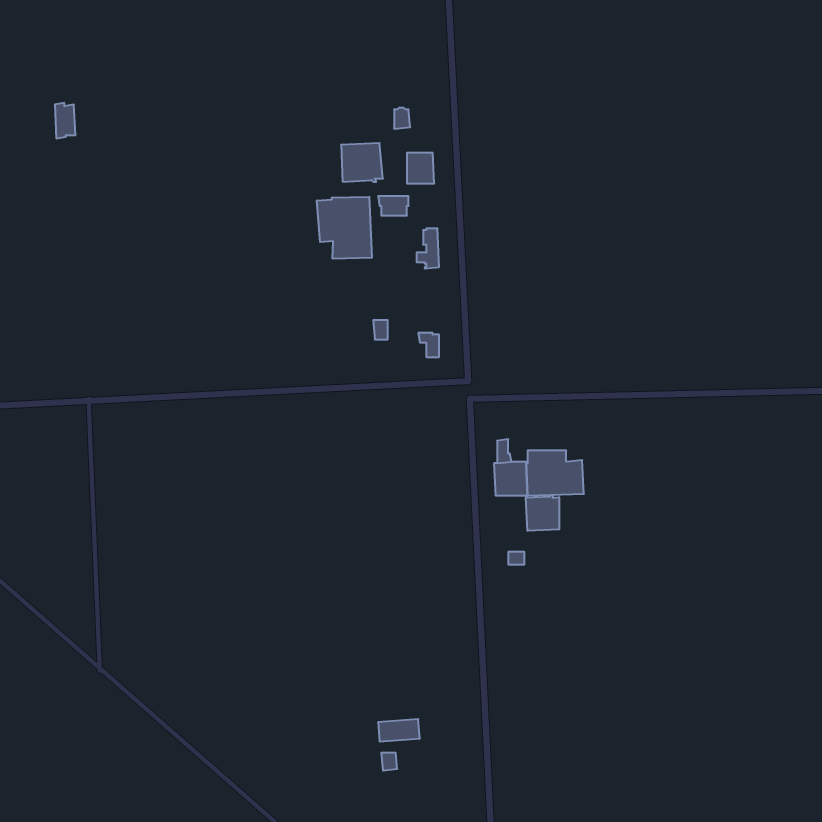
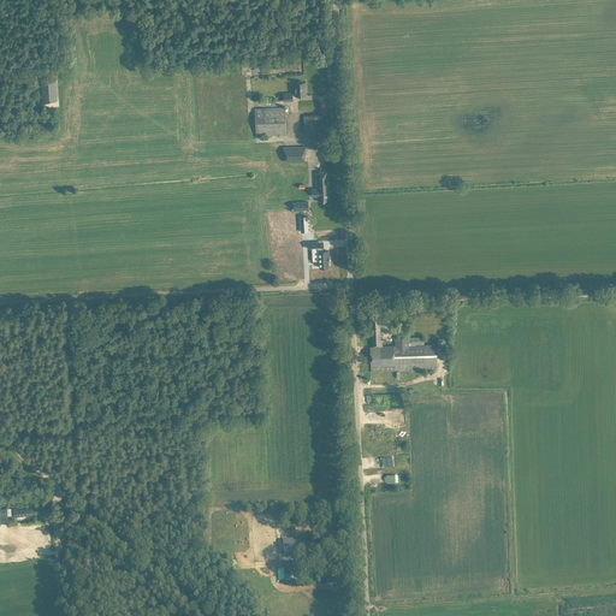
building: [317,197,372,259] -> none
building: [526,495,559,531] -> none

